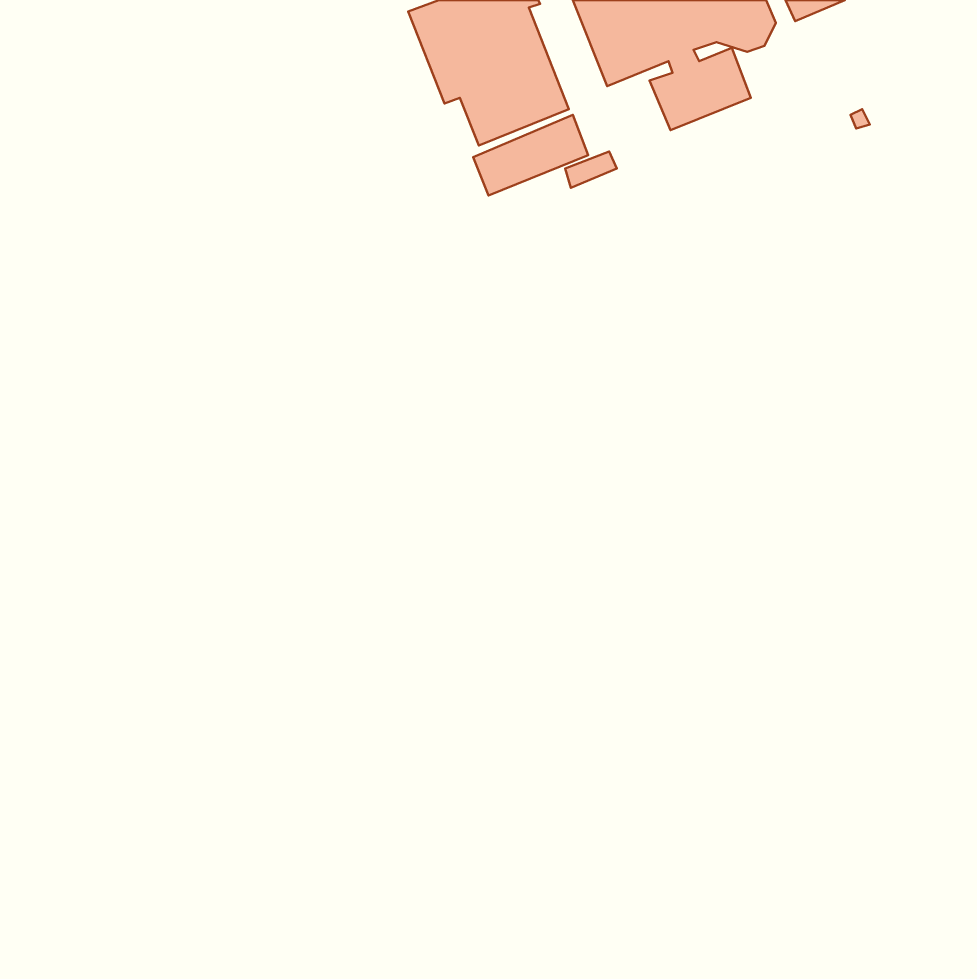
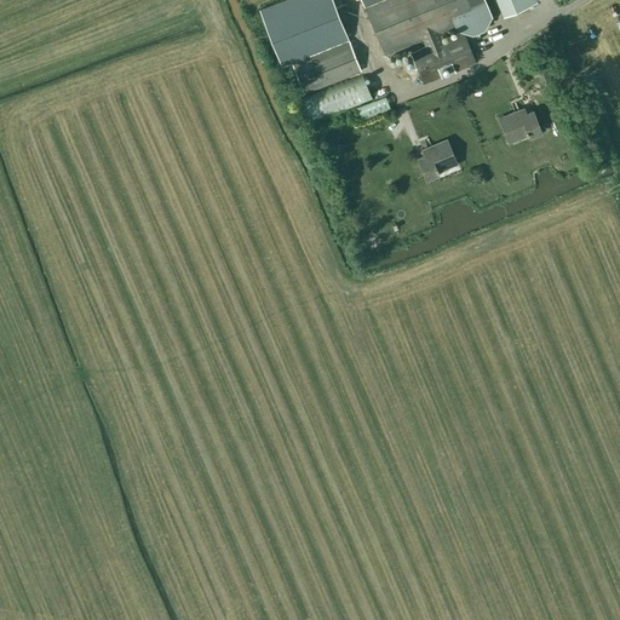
building: none -> [499,108,541,142]
building: none -> [418,139,457,179]

